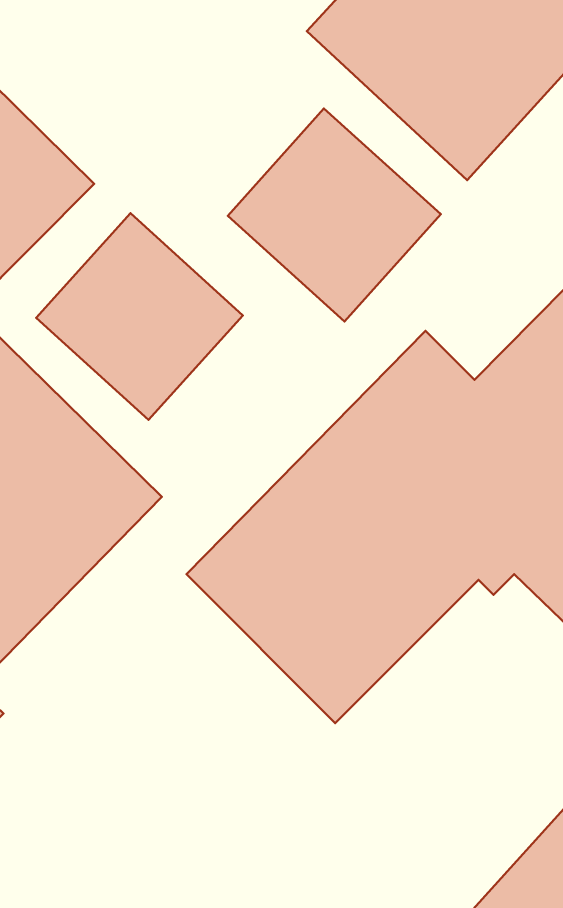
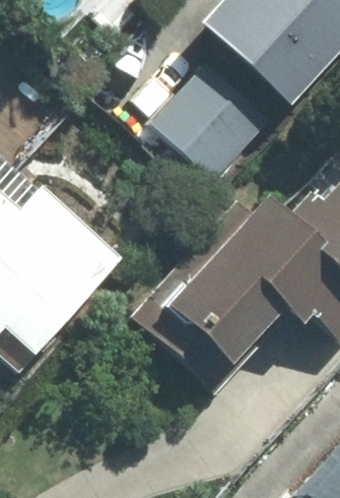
building: [36,213,243,420] -> none

